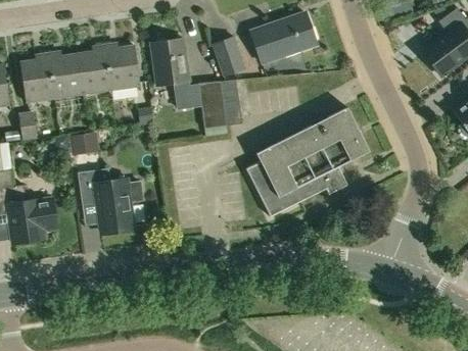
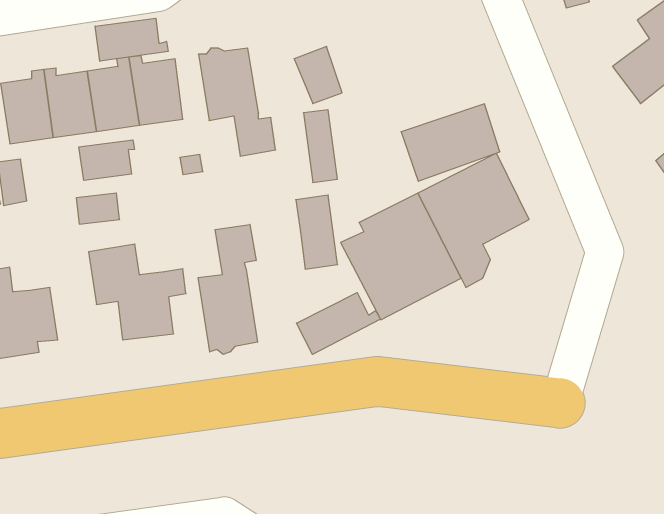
building: [250,12,316,63] -> [401,104,500,181]
building: none -> [95,18,168,61]
building: [198,81,226,130] -> [296,195,338,269]
building: none -> [79,140,134,180]
building: none -> [198,224,257,354]
building: none -> [296,293,380,354]

